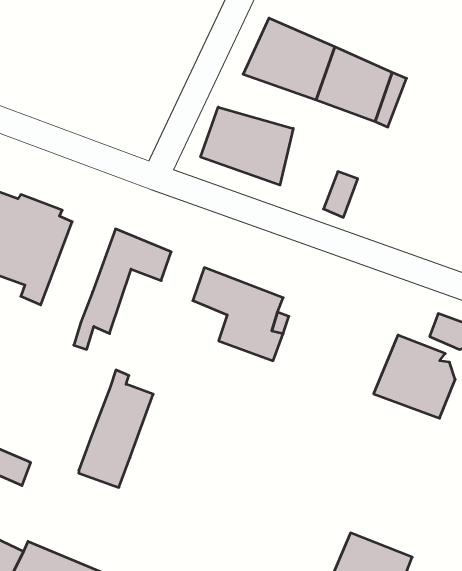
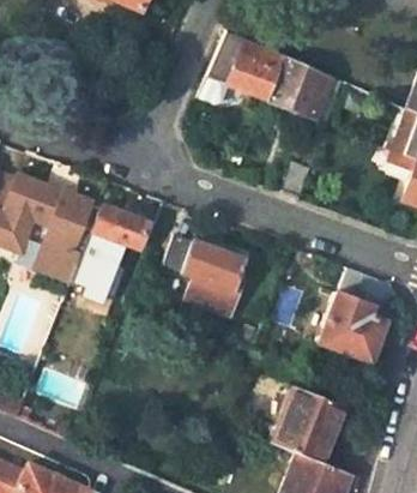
building: [201,107,293,185] -> none
building: [79,370,153,487] -> [36,185,98,283]
building: none -> [271,387,342,465]

